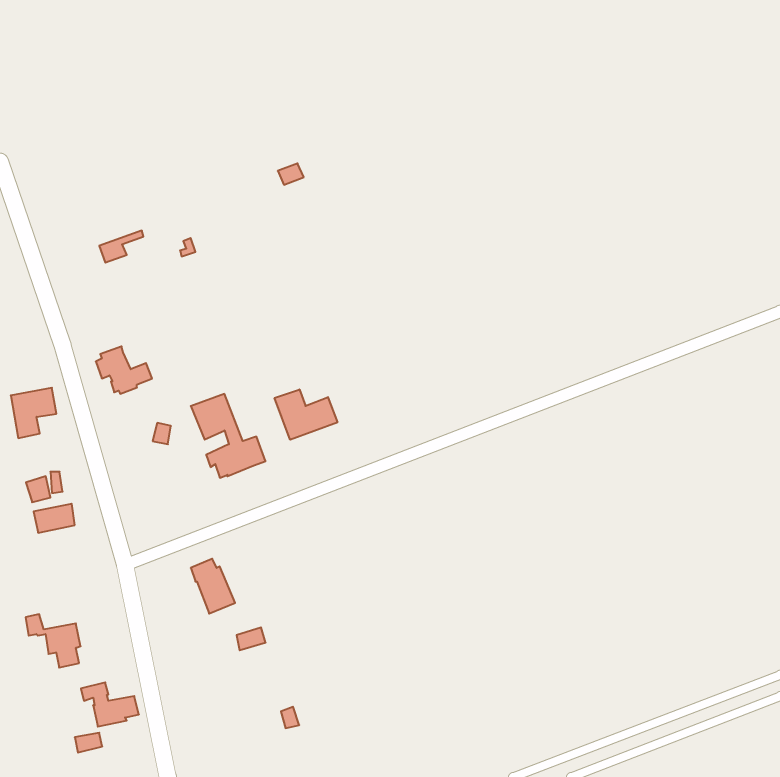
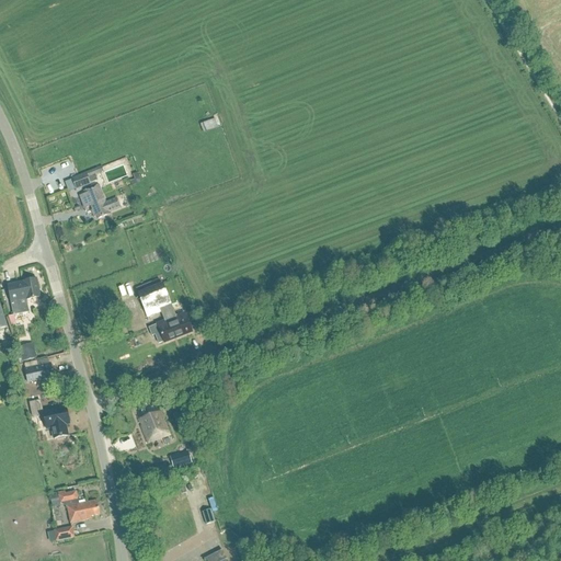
building: [96,346,152,394] -> [80,184,121,218]
building: [275,389,337,440] -> none
building: [26,614,81,668] -> [30,400,69,438]

